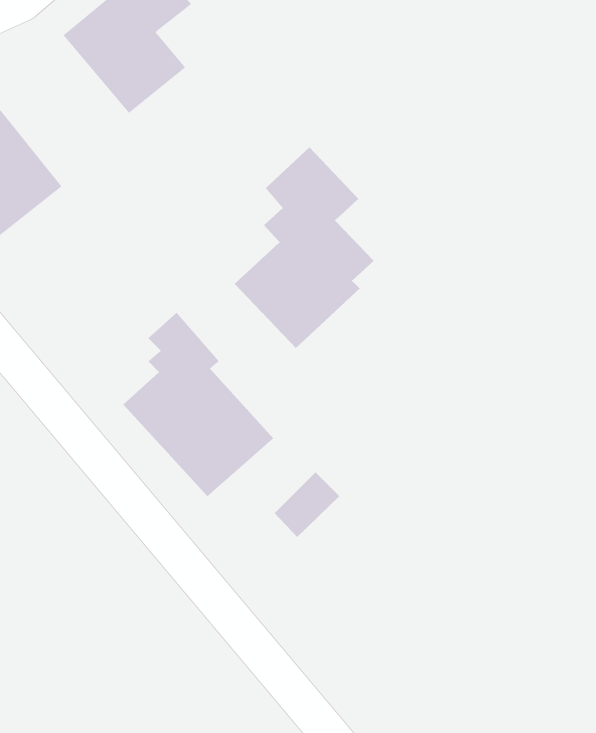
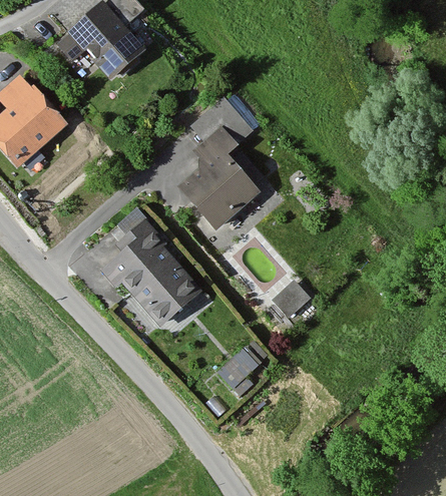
building: none -> [276,280,315,319]
building: [274,472,340,538] -> [220,345,264,388]

